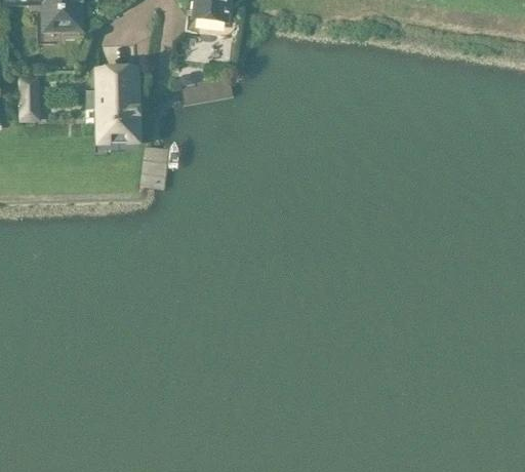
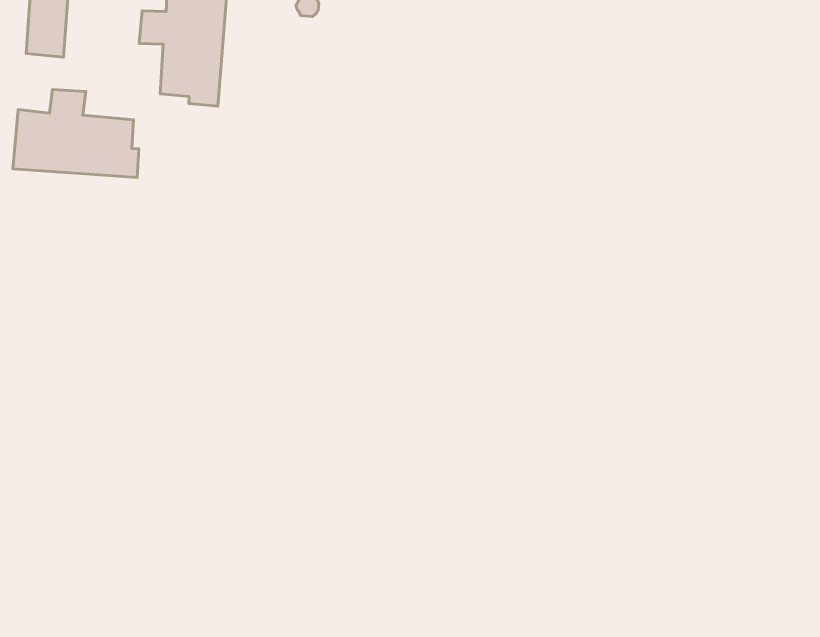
building: none -> [13,90,139,178]

